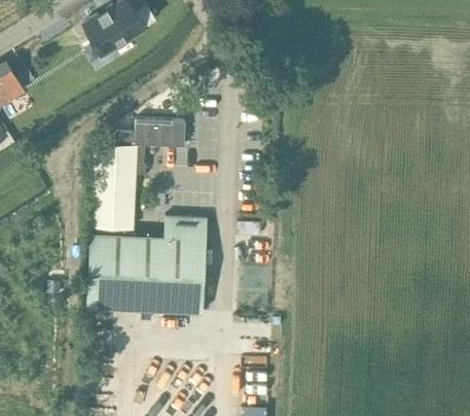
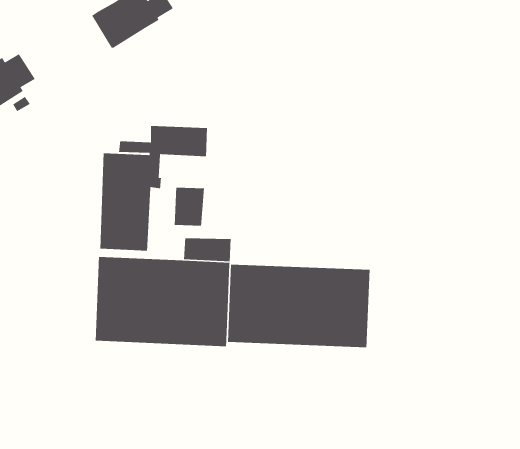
building: none -> [174,187,205,227]
building: none -> [227,264,370,348]

